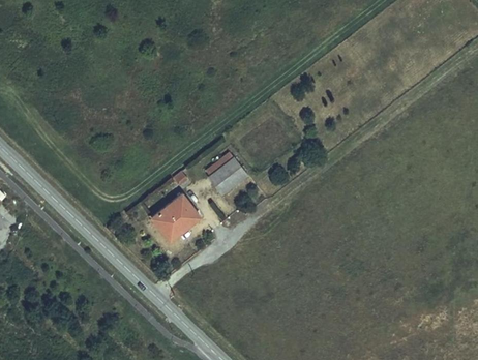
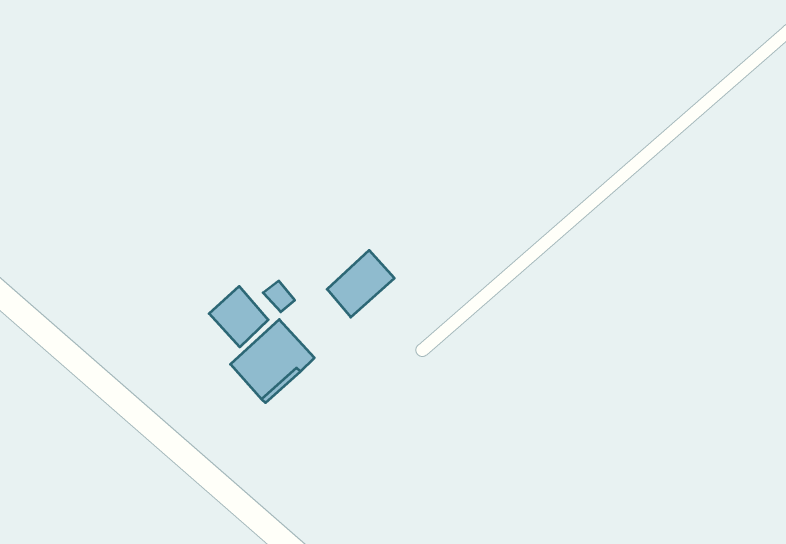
building: none -> [209,286,268,347]

